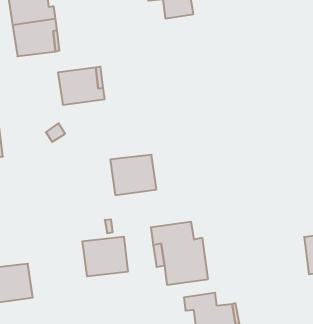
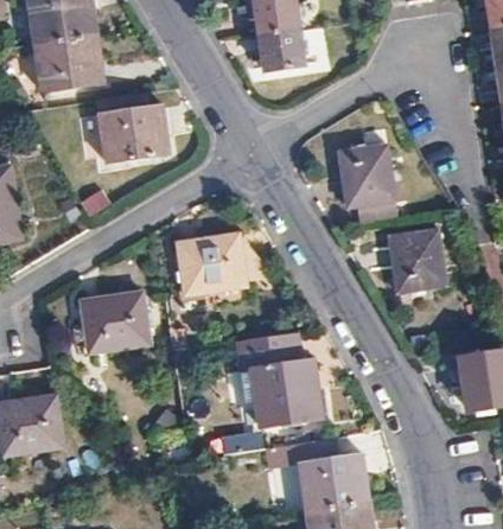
building: none -> [257,28,305,70]
building: none -> [339,145,395,221]
building: none -> [390,229,444,289]
building: [82,237,128,276] -> [79,292,147,350]

